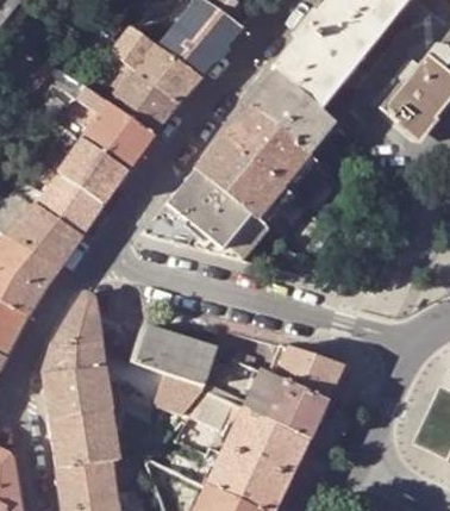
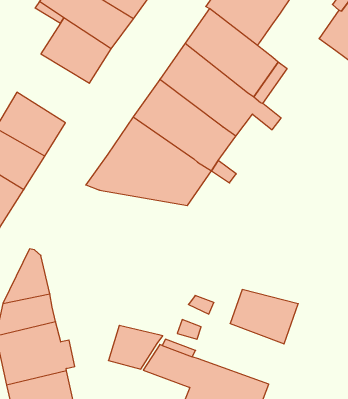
building: [75,86,152,172] -> none
building: [136,325,215,385] -> none
building: [239,372,324,441] -> none

